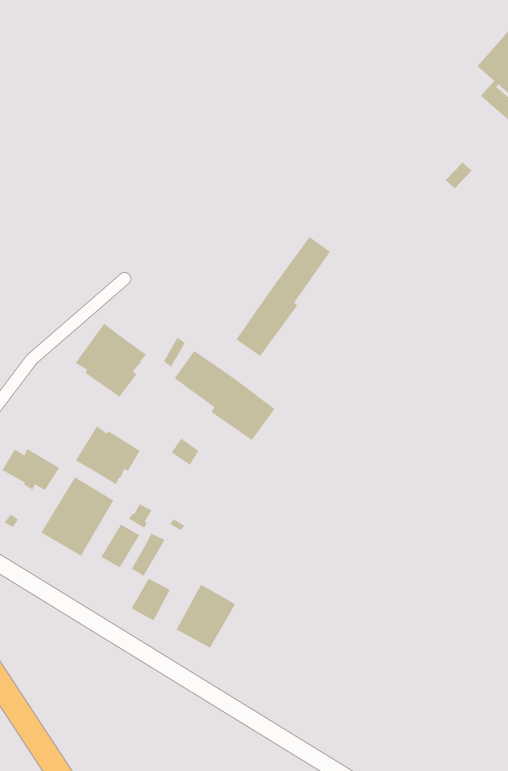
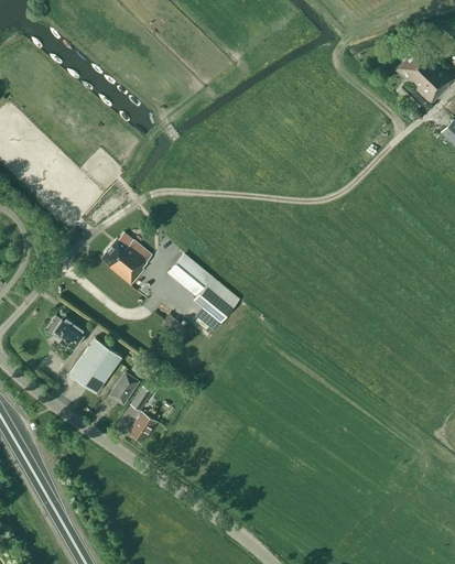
building: [236,236,331,357] -> none
building: [75,426,141,485] -> none
building: [176,584,236,649] -> none

